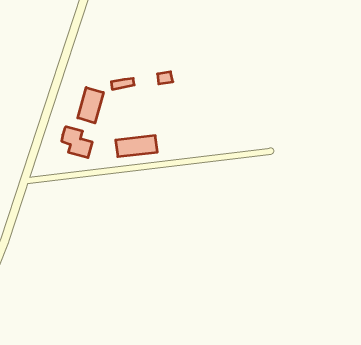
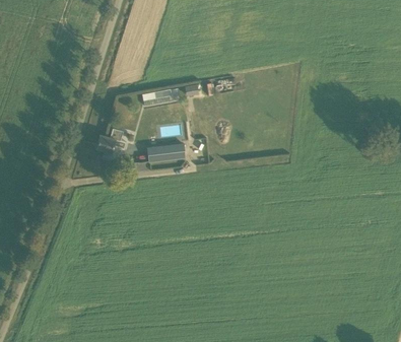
building: [78,87,103,123] -> none

